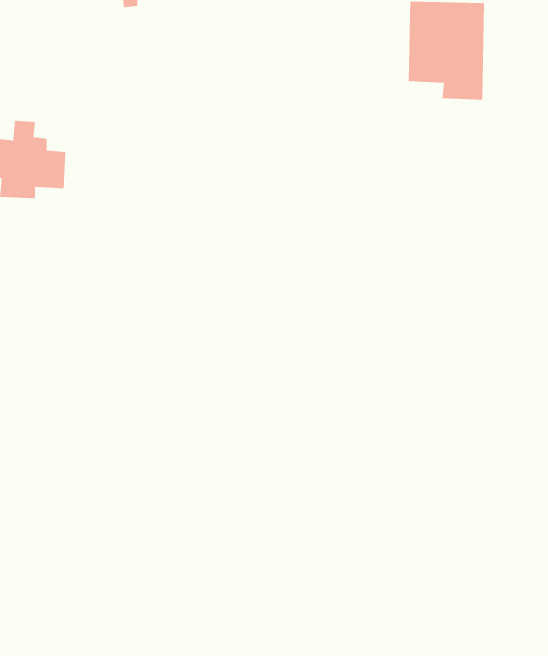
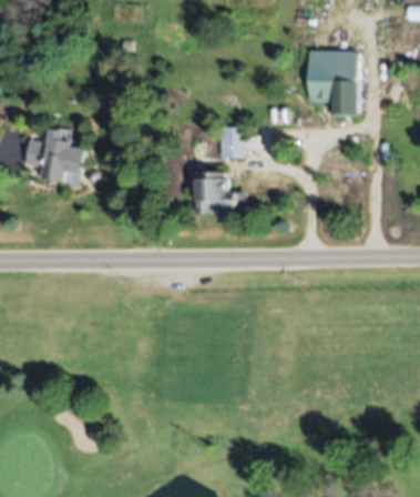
building: none -> [221,128,244,160]
building: none -> [197,173,247,215]

